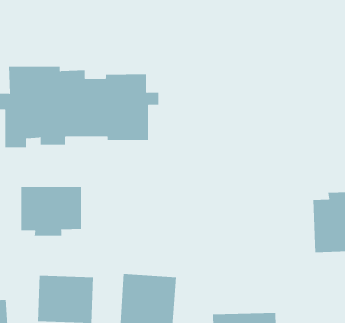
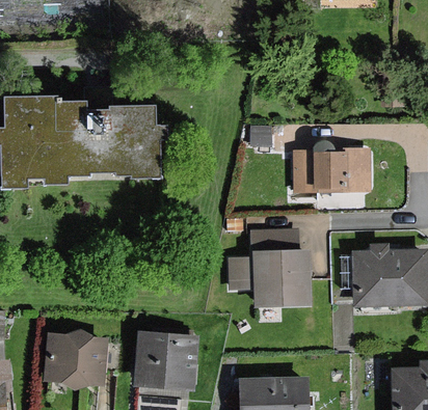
building: none -> [291,145,373,196]
building: none -> [224,227,312,308]
building: [21,186,81,237] -> none

